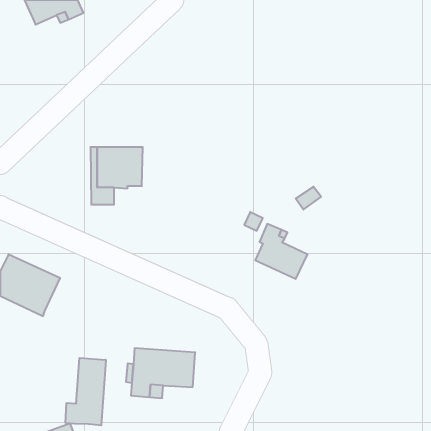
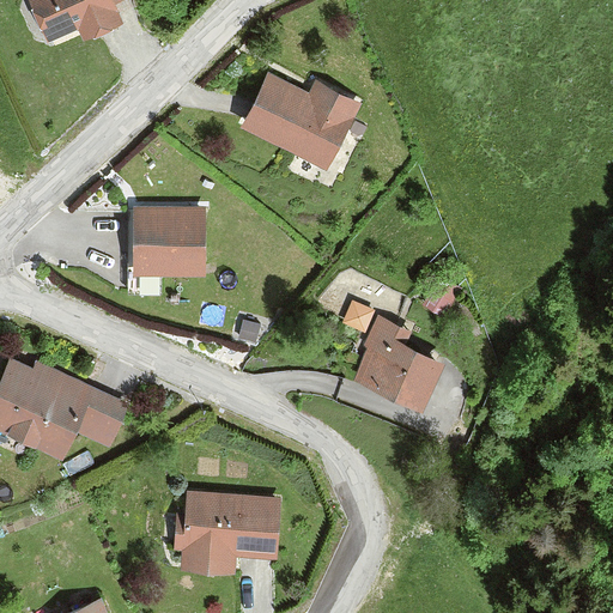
building: none -> [248,77,357,163]
building: none -> [13,354,125,459]
building: [66,358,106,425] -> none

